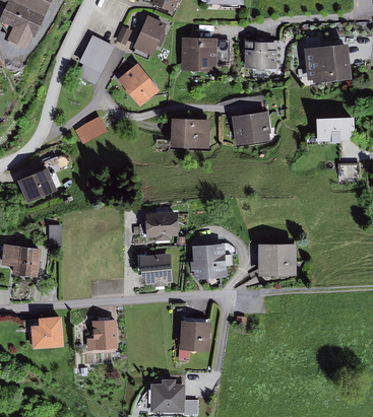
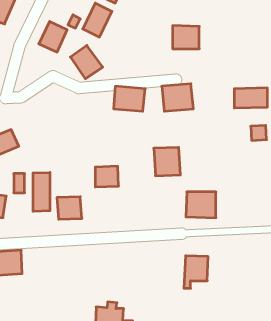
building: [180,39,215,71] -> none
building: [303,45,351,84] -> none
building: [73,118,106,144] -> none
building: none -> [33,172,50,211]
building: [195,245,228,279] -> [154,147,180,176]
building: [142,256,173,283] -> [57,197,82,219]
building: [85,321,117,351] -> none
building: [180,321,209,360] -> [184,256,208,288]

